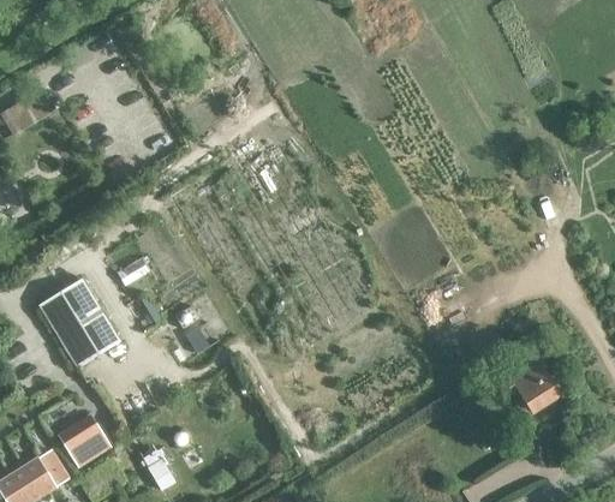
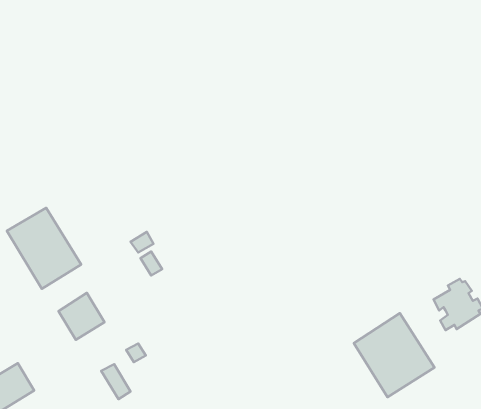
building: none -> [354,313,435,397]
building: [59,414,109,466] -> [58,293,104,340]

